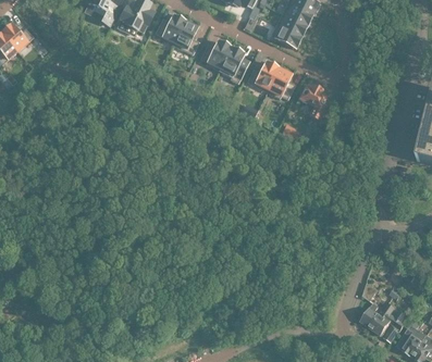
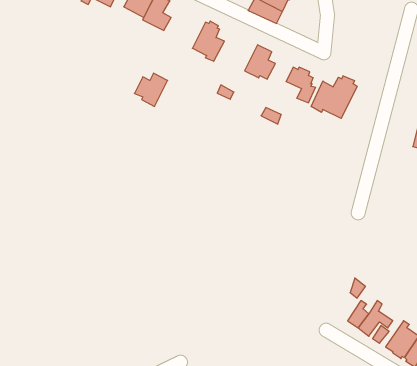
building: [200,39,231,70] -> [134,73,168,106]
building: [247,60,279,90] -> none
building: none -> [311,76,357,118]

